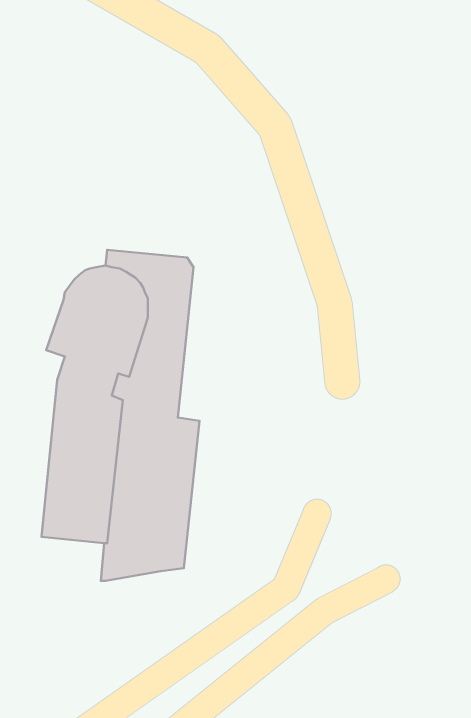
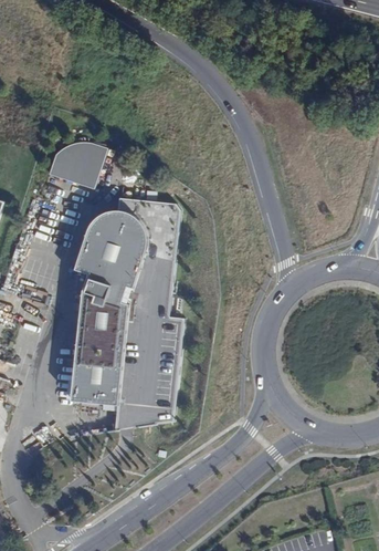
building: none -> [45,142,104,189]

